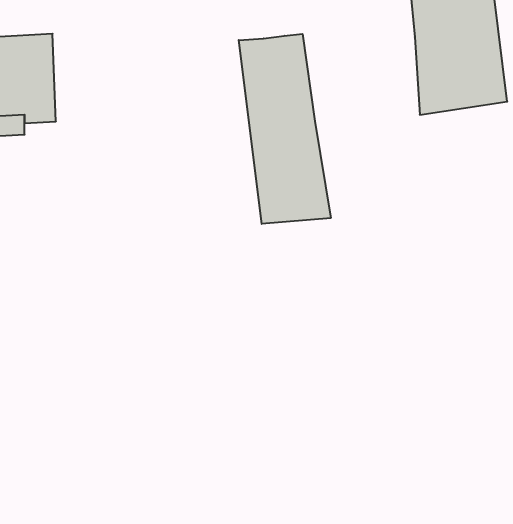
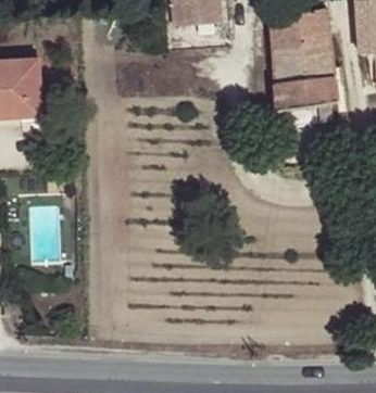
building: [239,34,331,224] -> none

